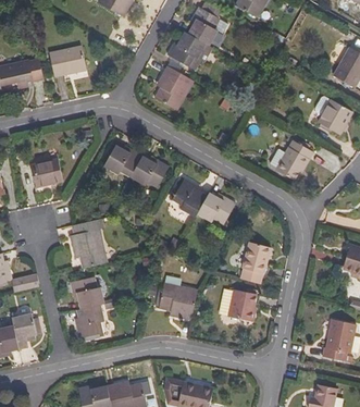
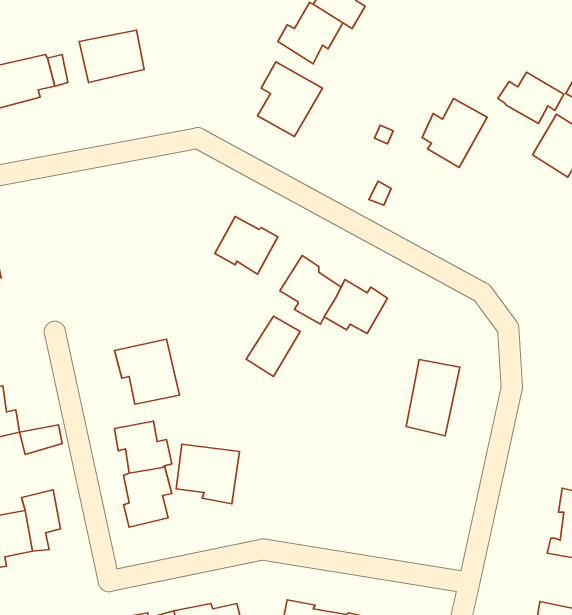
building: none -> [498,72,564,124]
building: [270,139,308,180] -> [422,99,487,167]
building: [99,145,139,177] -> none
building: [29,159,62,185] -> none
building: none -> [246,316,300,376]
building: [156,284,193,319] -> [176,444,239,504]
building: [226,288,256,321] -> none

